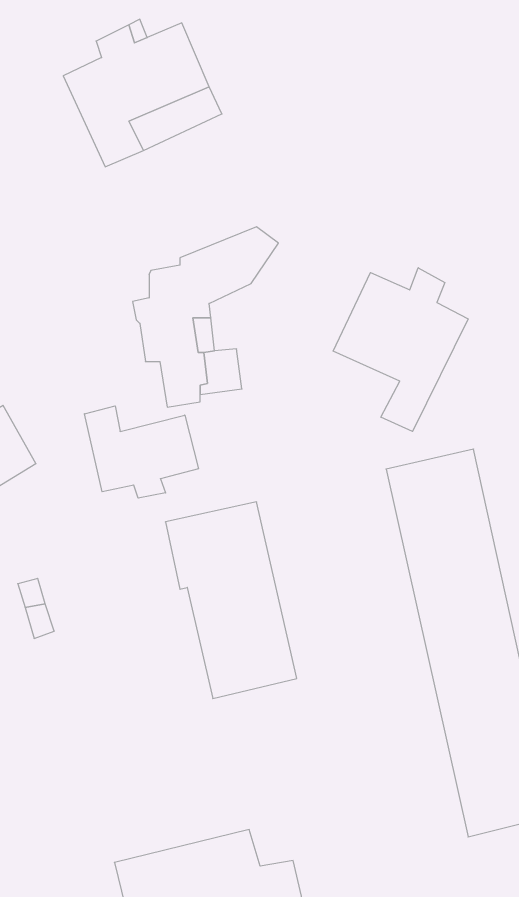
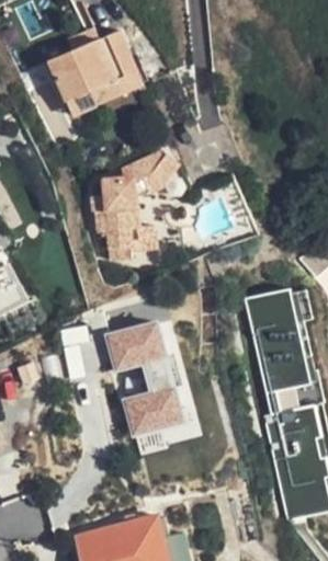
building: [333,268,468,431] -> none
building: [84,406,198,498] -> none

